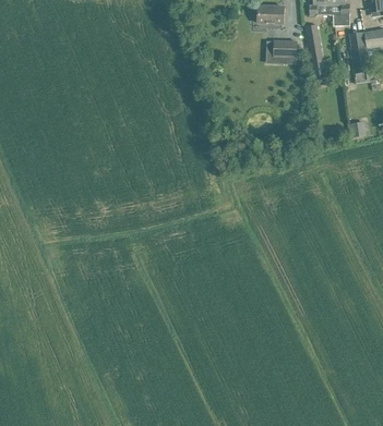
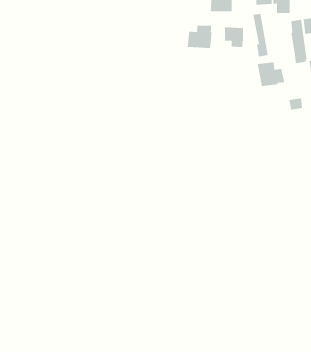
building: none -> [187,25,212,49]
building: none -> [257,61,285,87]

